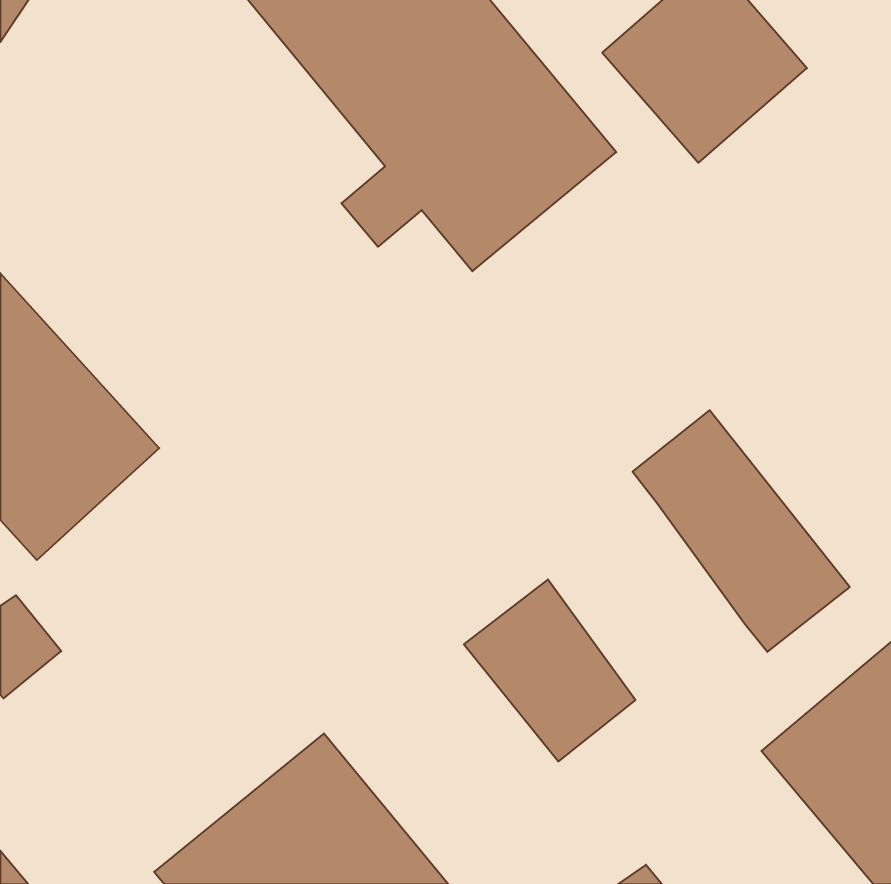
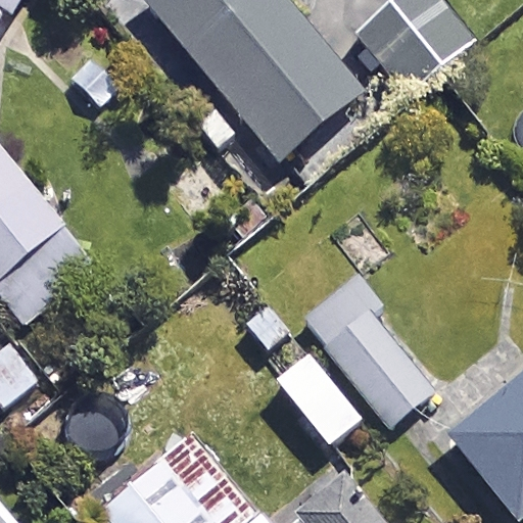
building: [633,410,850,652] -> [307,284,434,425]

